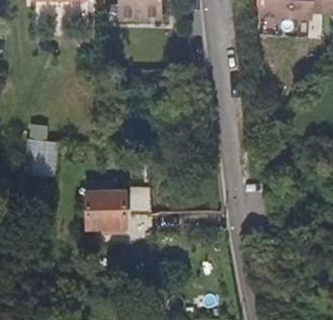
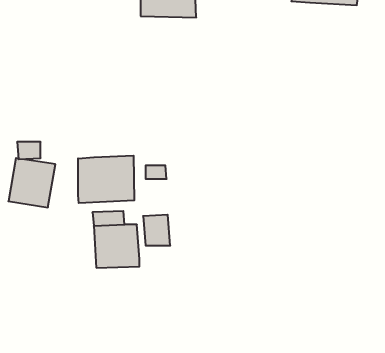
building: none -> [78,156,134,203]

